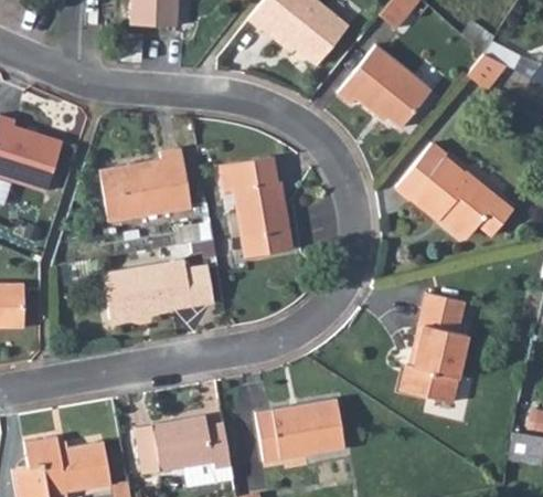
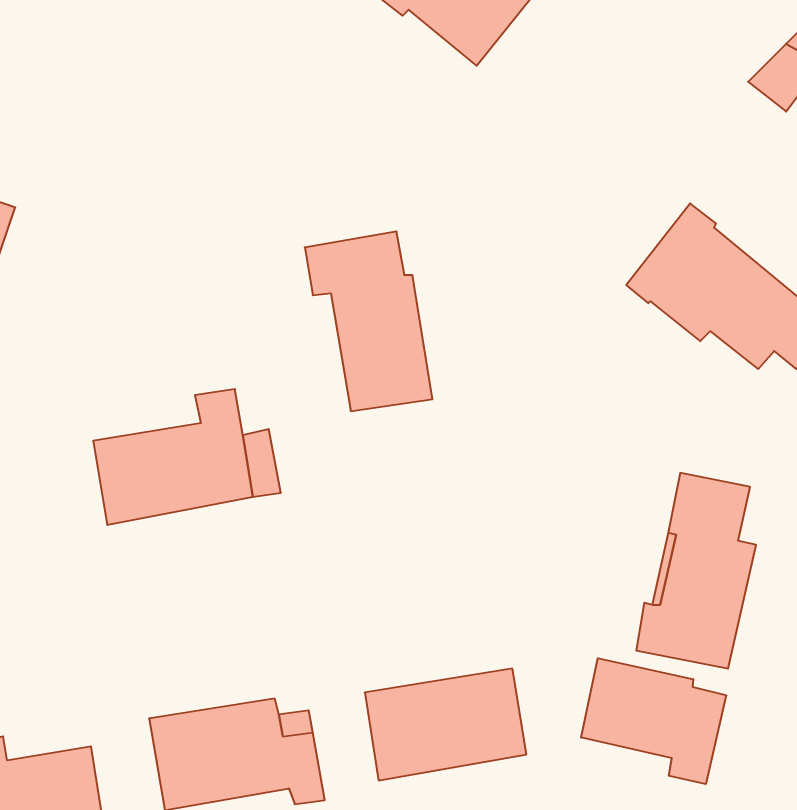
building: [339,45,433,127] -> none
building: [102,151,191,223] -> none
building: none -> [581,658,726,784]

